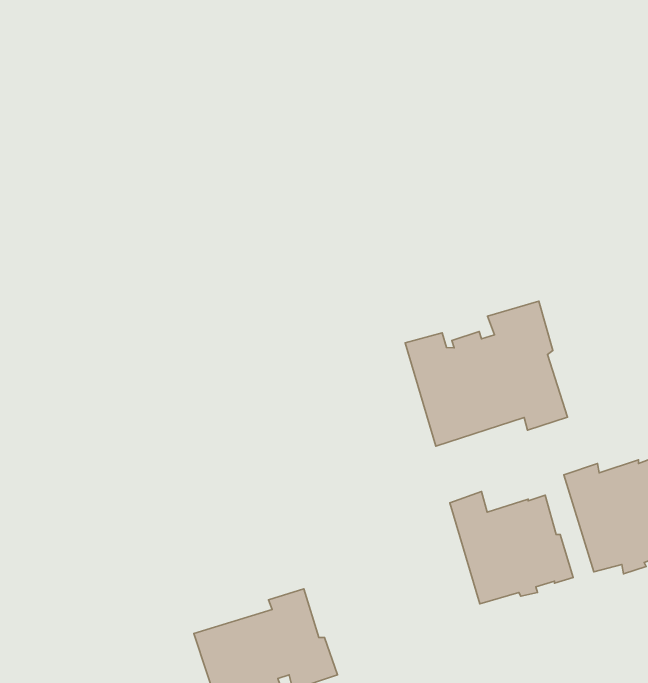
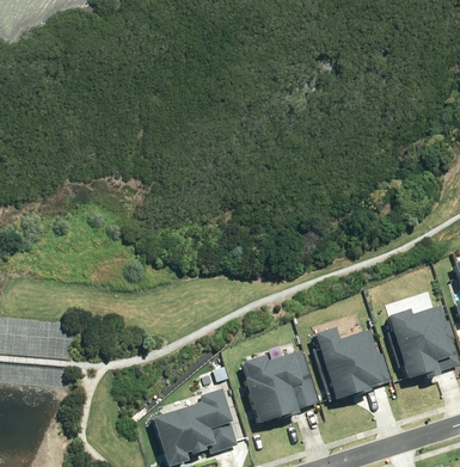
building: [405,301,568,446] -> none
building: none -> [245,350,323,422]

